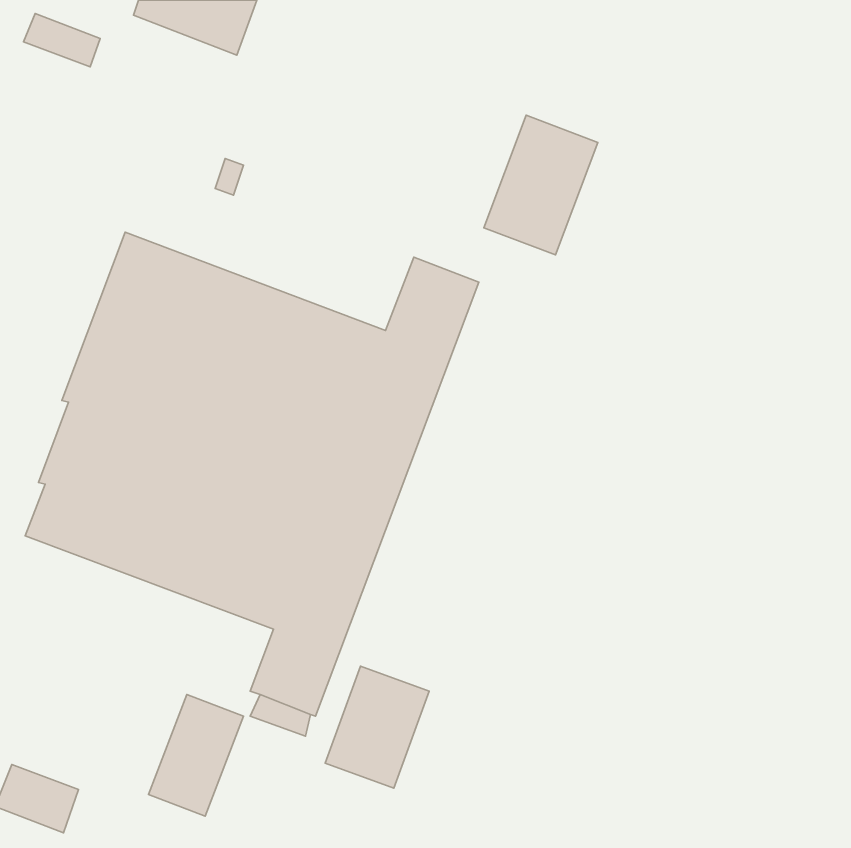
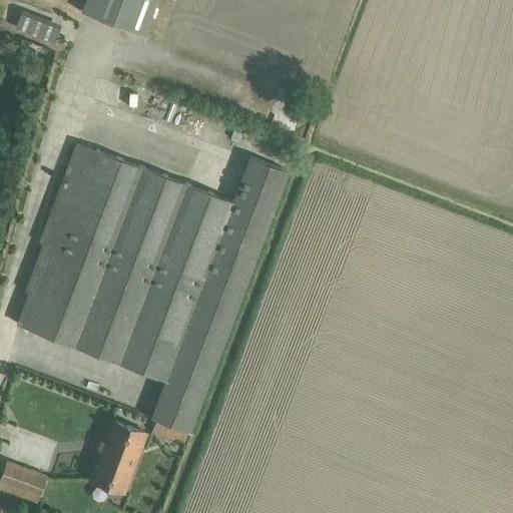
building: [484,115,598,255] -> none
building: [325,666,429,788] -> none

